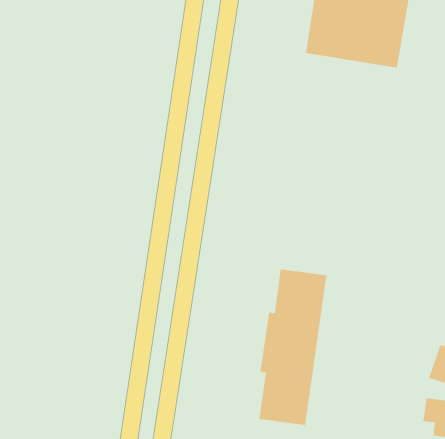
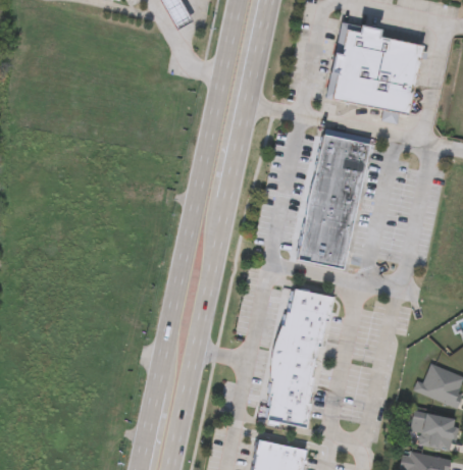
building: none -> [295,128,371,268]

